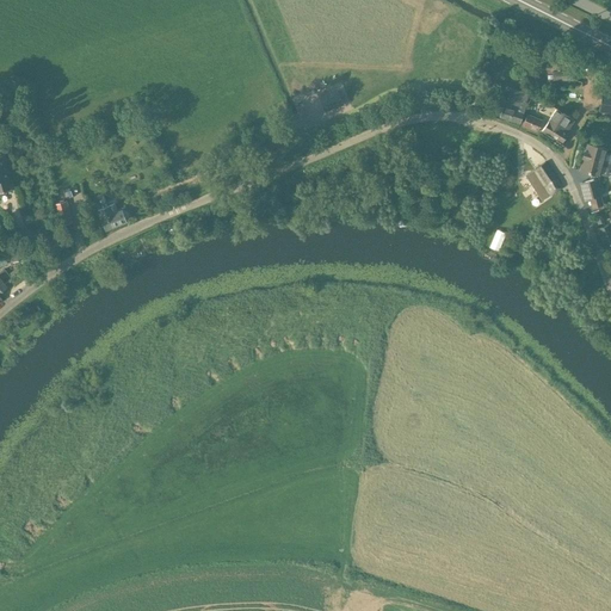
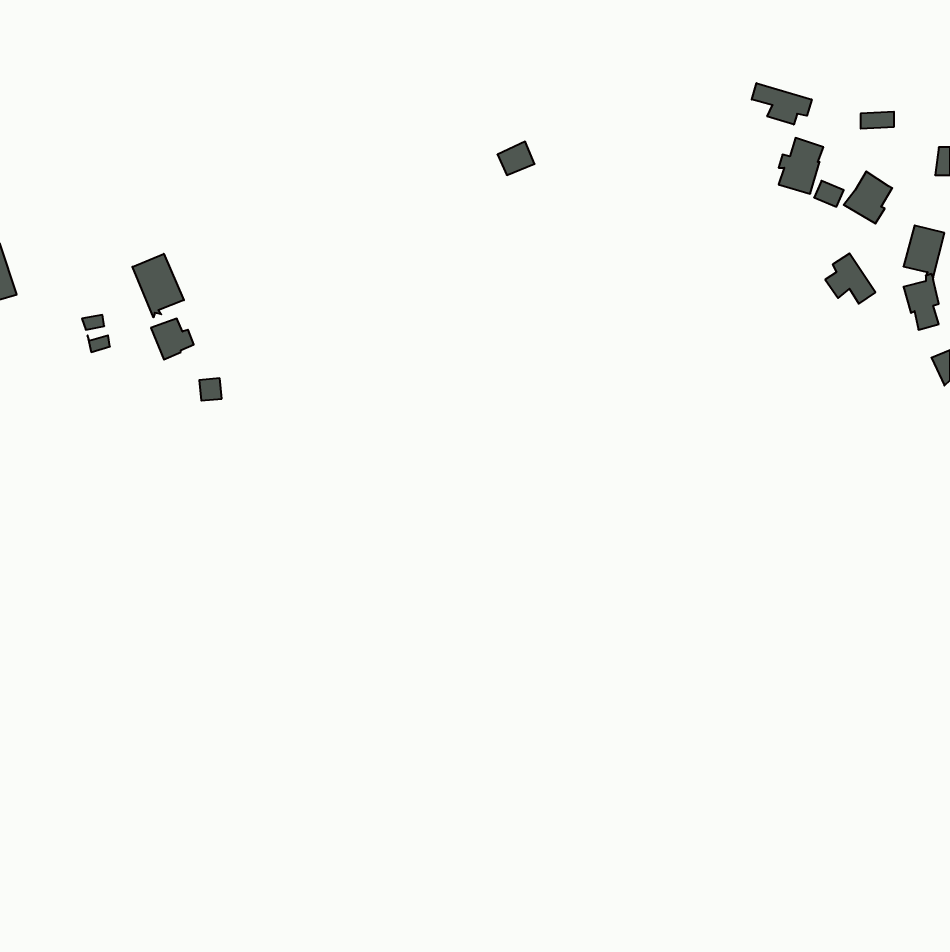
building: none -> [752,83,812,125]
building: none -> [132,254,184,317]

